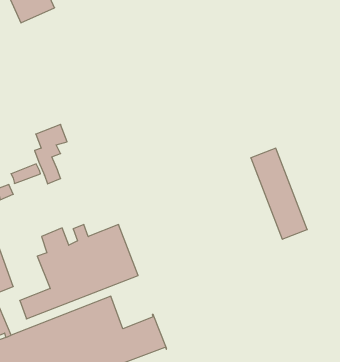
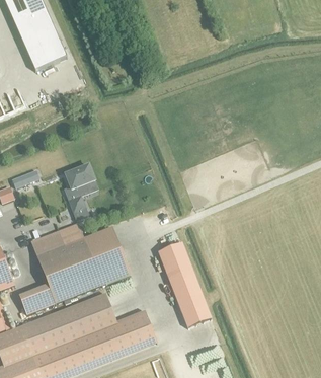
building: none -> [21,23,67,70]
building: [35,124,67,184] -> [65,164,95,220]
building: [251,148,307,239] -> [158,242,211,327]

